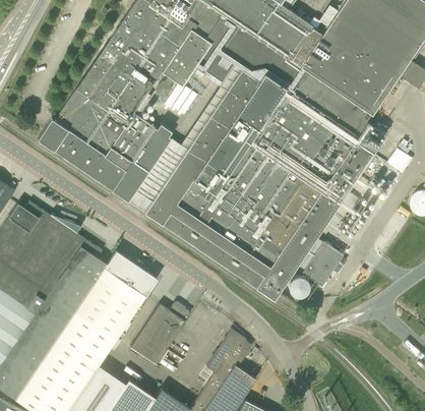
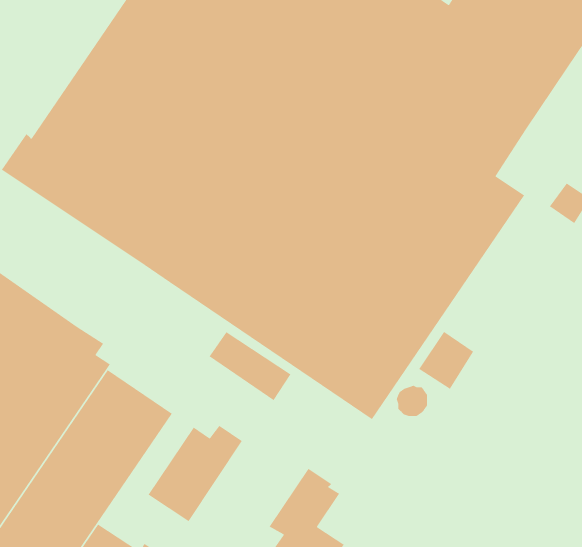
building: [104,251,157,296] -> [208,331,291,401]

